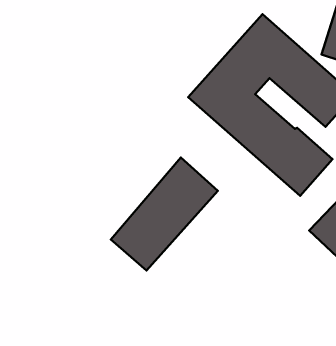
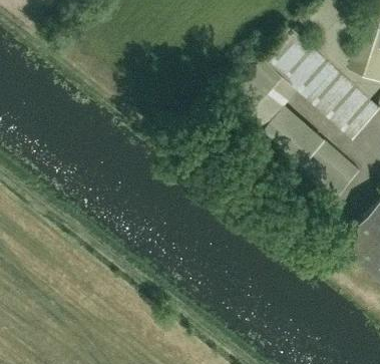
building: [111,158,218,271] -> none

